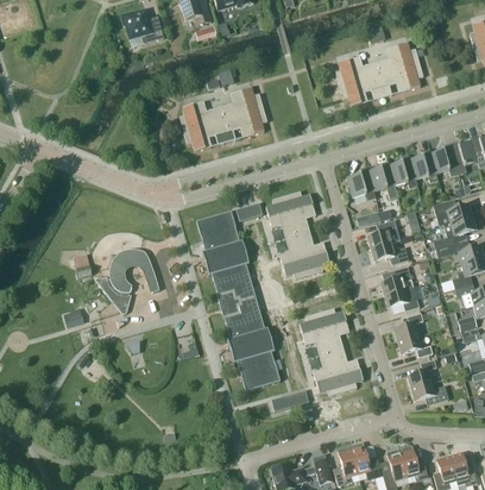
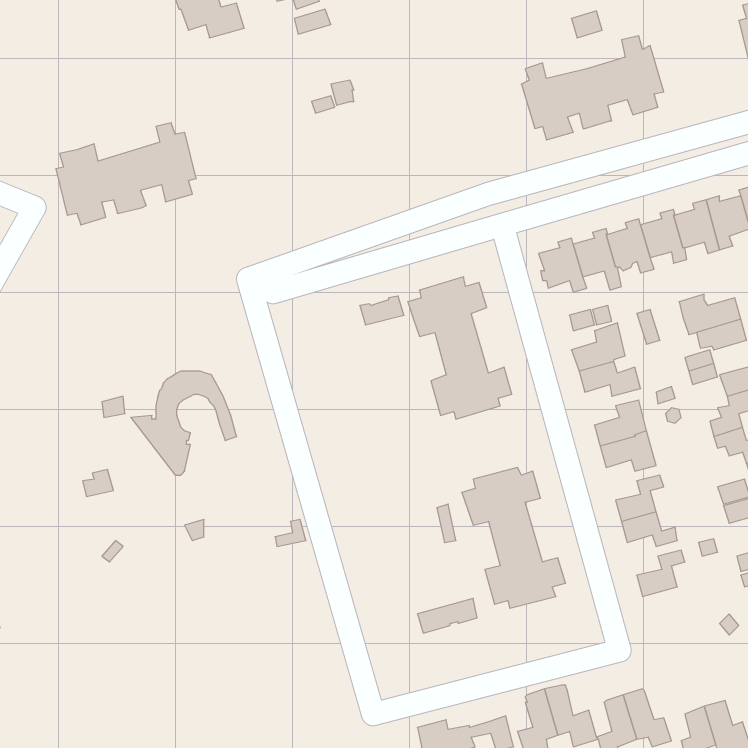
building: [179,87,266,150] -> [56,123,196,225]
building: [196,211,279,390] -> none
building: [410,382,448,403] -> none

